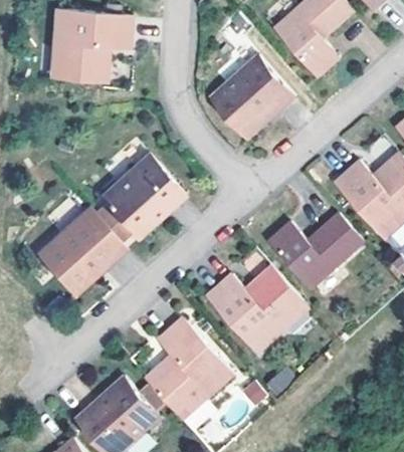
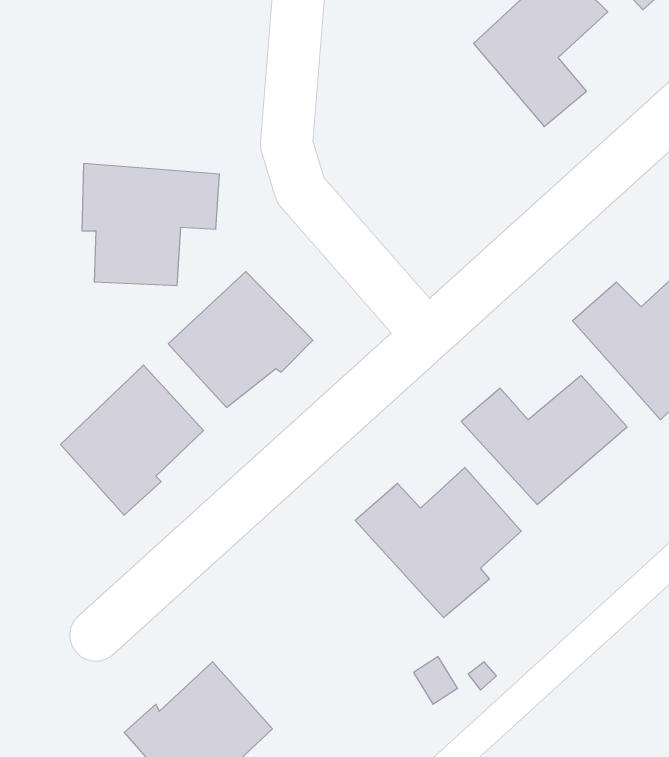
building: [53,11,132,80] -> [82,164,220,286]
building: [210,51,295,134] -> none
building: [146,320,233,416] -> none

